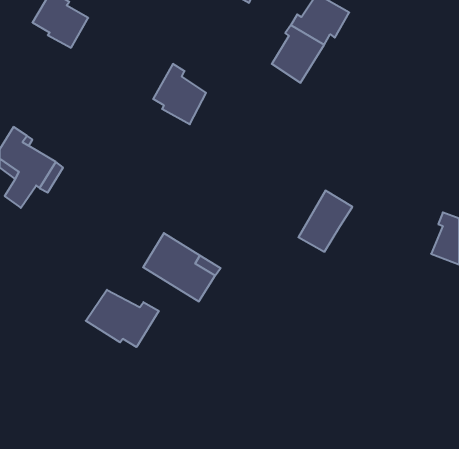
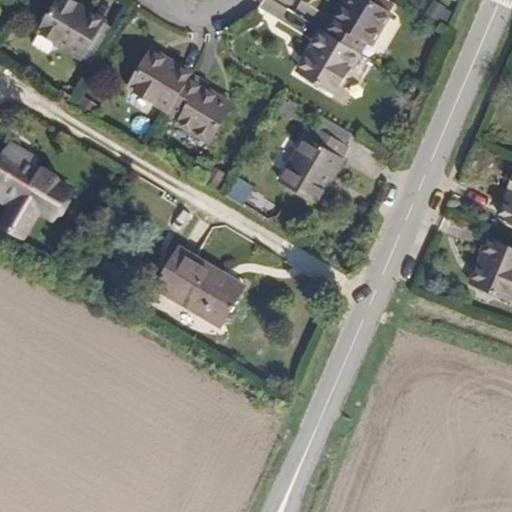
building: none -> [129,50,192,110]
building: [298,191,352,252] -> [285,126,345,194]
building: [86,290,159,347] -> none

